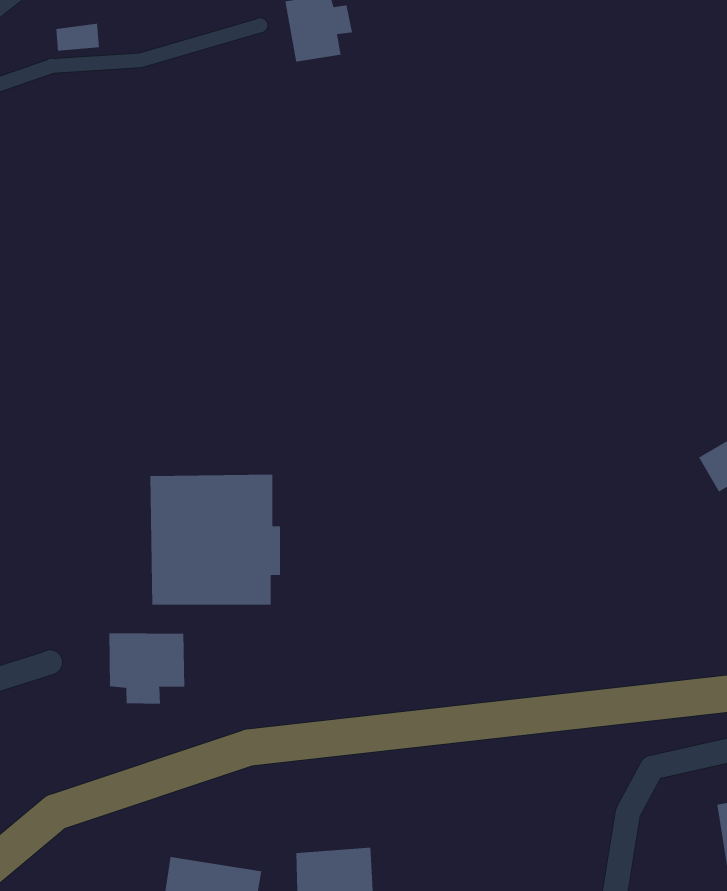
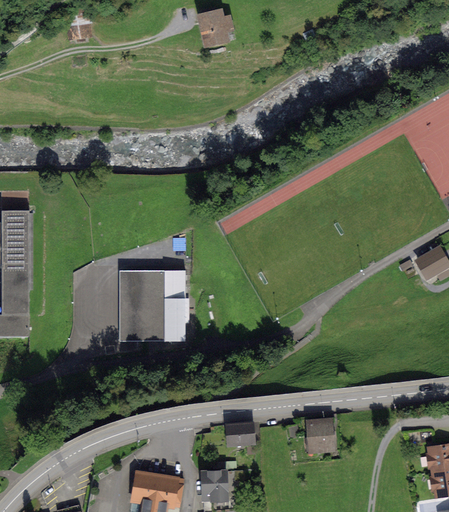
building: [109,633,185,704] -> none
building: none -> [306,419,336,452]
building: none -> [223,423,254,446]

